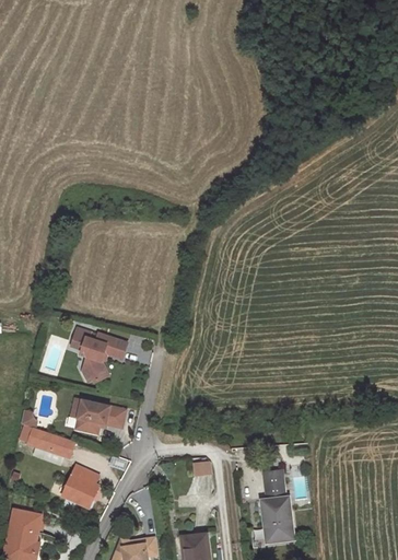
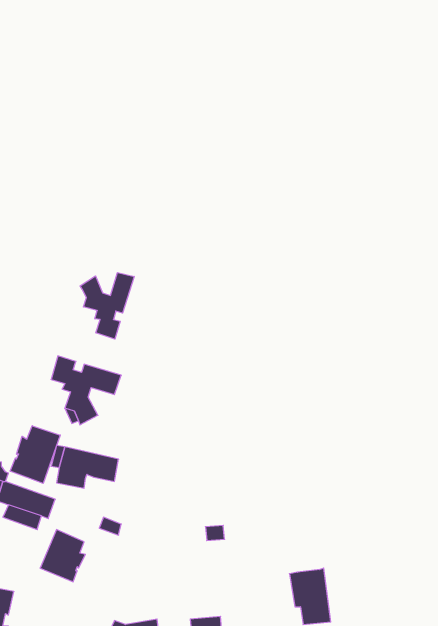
building: none -> [80,273,134,339]
building: none -> [10,426,60,483]
building: [264,471,284,500] -> none

